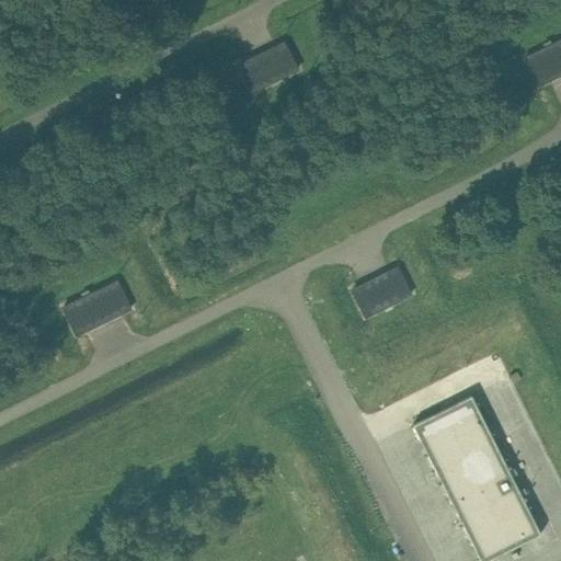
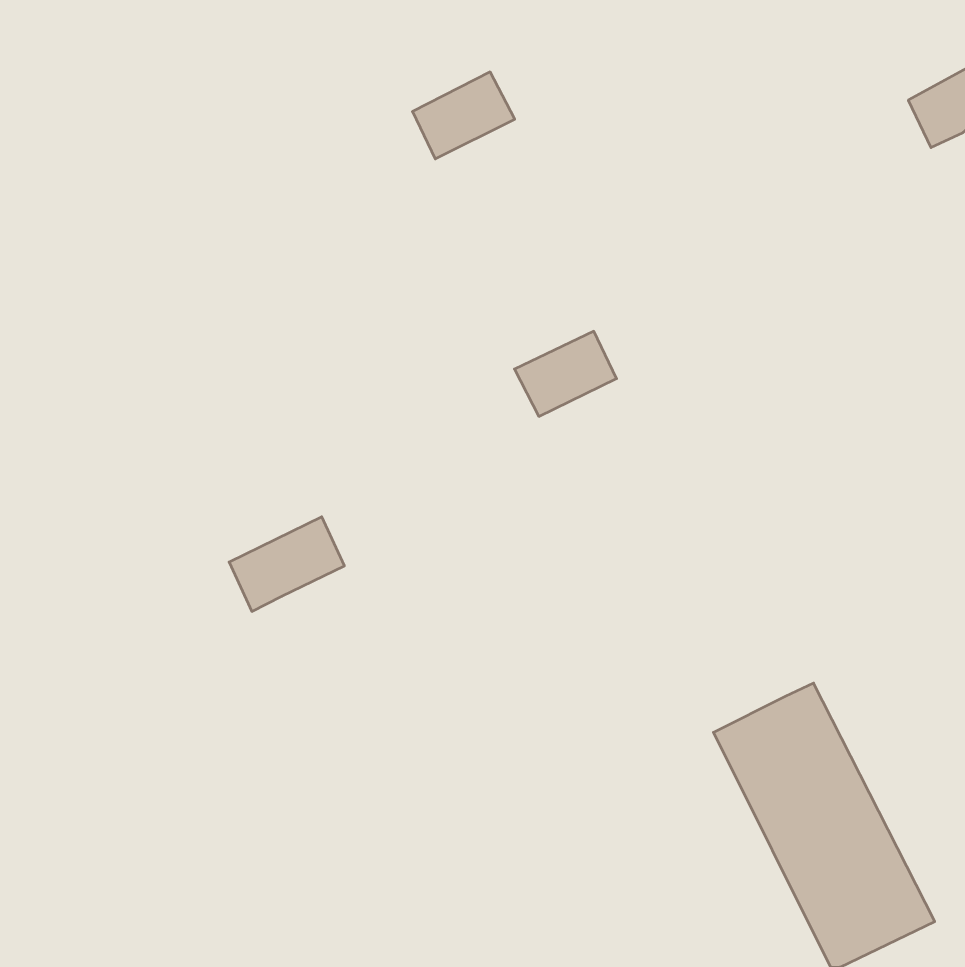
building: [353,267,412,317] -> [514,331,617,416]
building: [65,280,131,335] -> [229,517,344,611]

